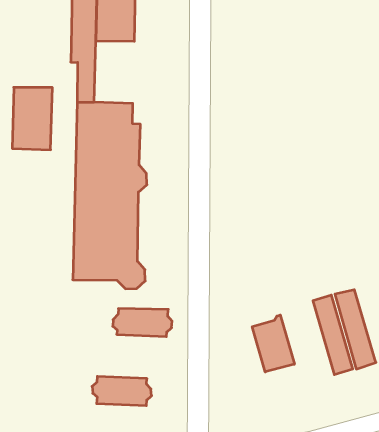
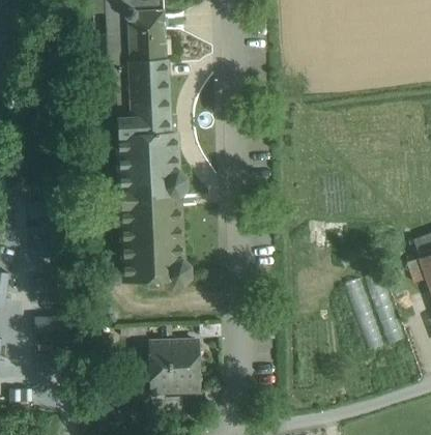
building: [12,87,52,150] -> [132,57,169,115]
building: [113,309,172,337] -> [148,340,202,366]
building: [252,315,294,372] -> none

